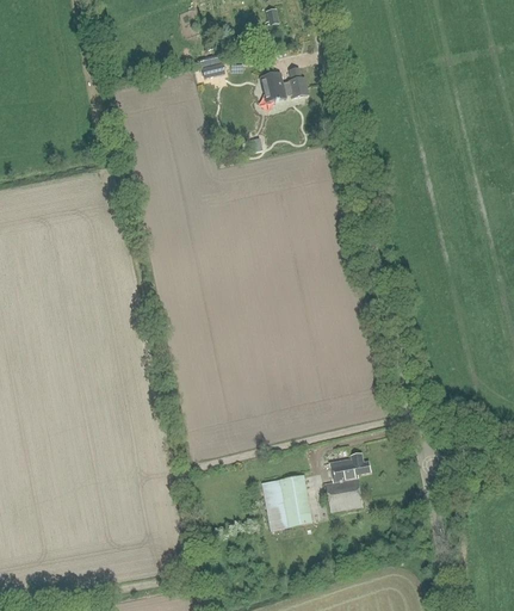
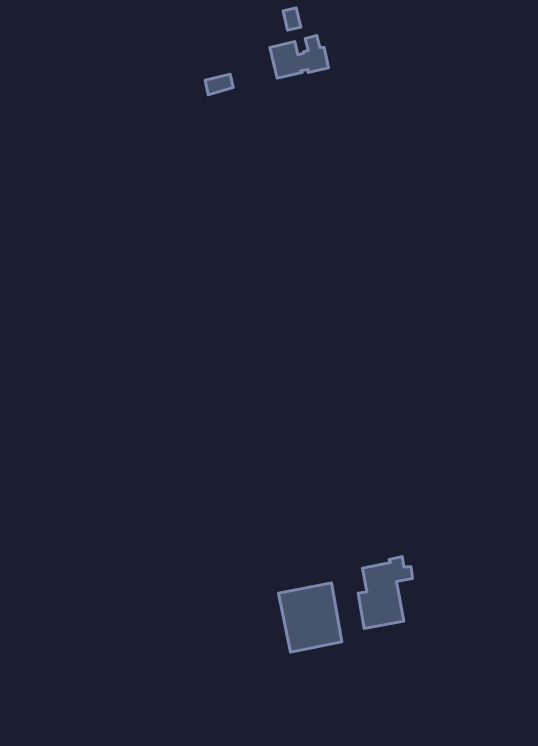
building: [260,67,308,101] -> [270,36,329,78]

